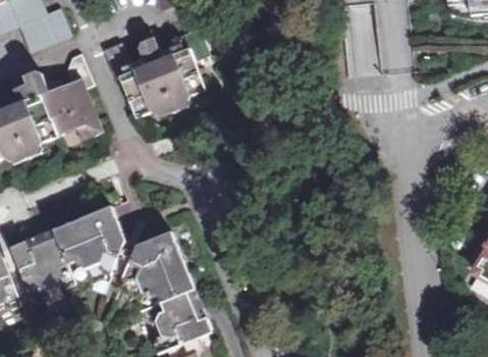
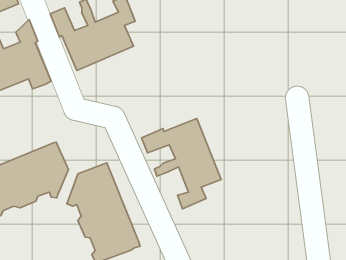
building: none -> [141,119,221,209]

